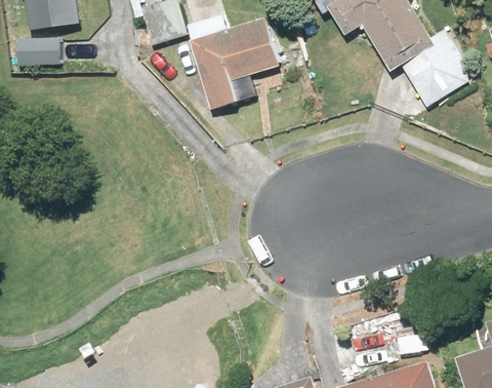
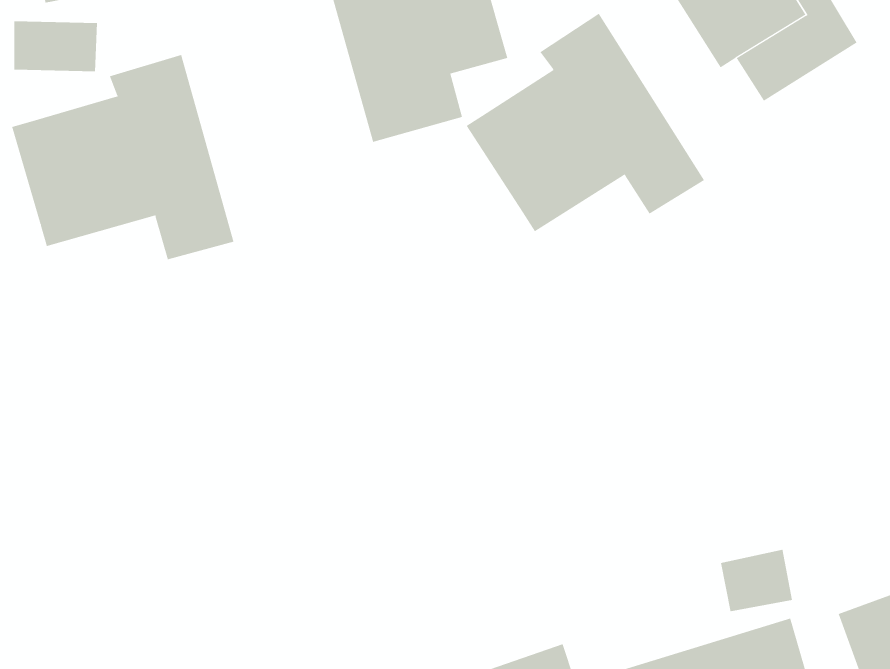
building: none -> [466,13,705,232]
building: none -> [11,54,234,260]

